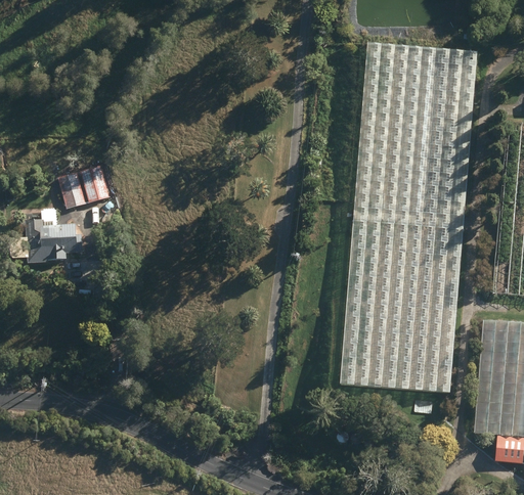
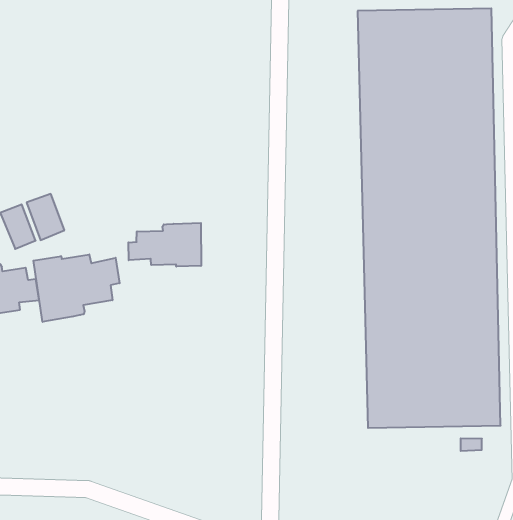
building: none -> [128,223,201,267]
building: none -> [33,254,120,322]

